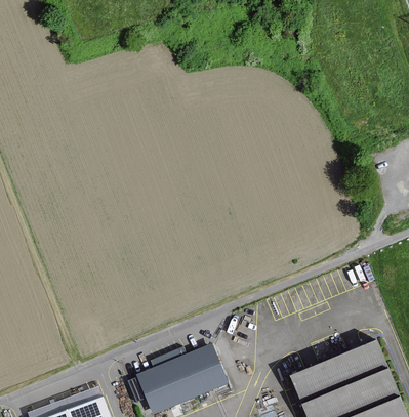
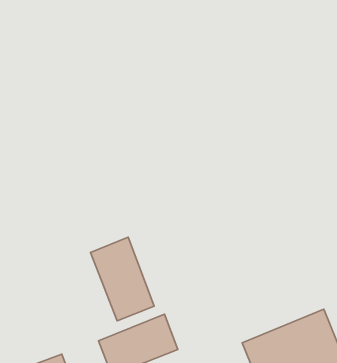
building: none -> [90,237,154,321]

